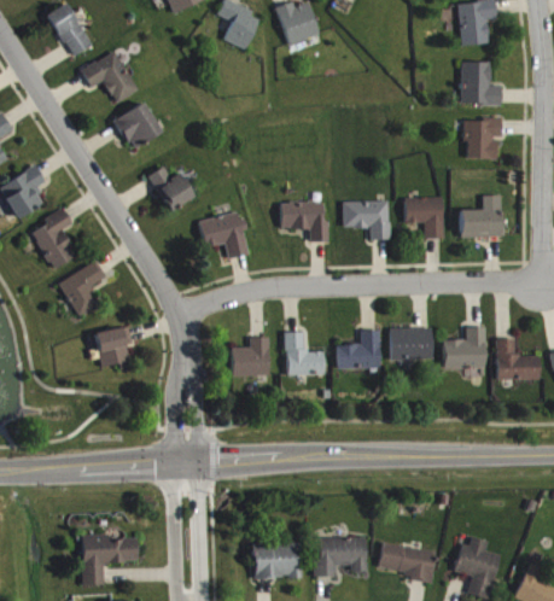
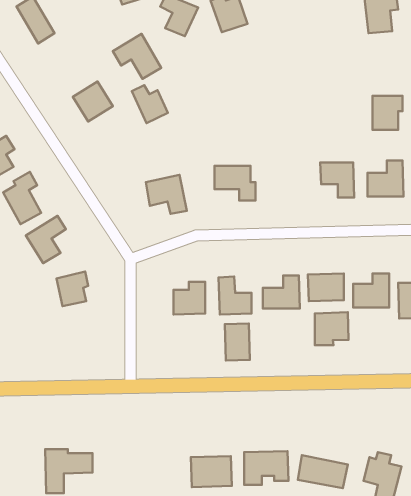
building: [81,51,138,104] -> [113,34,161,79]
building: [460,62,501,105] -> none
building: [150,167,192,211] -> [132,85,168,123]
building: [343,200,390,240] -> none
building: none -> [315,312,349,345]
building: none -> [225,323,250,360]

